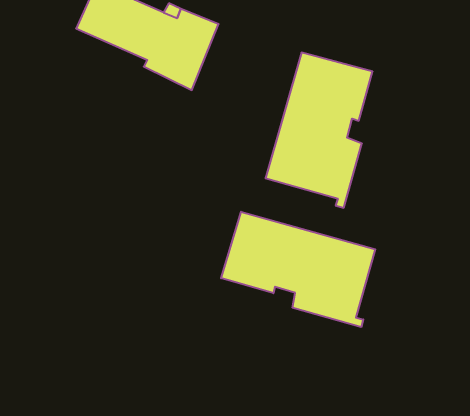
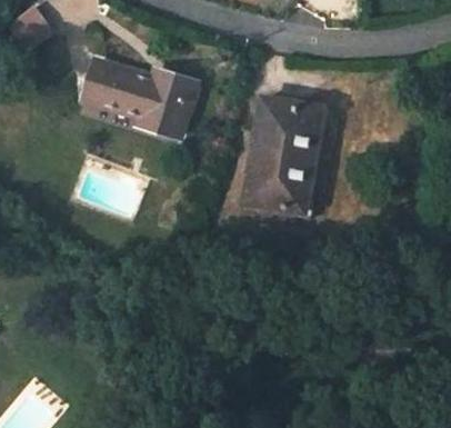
building: [221,212,375,327] -> none

